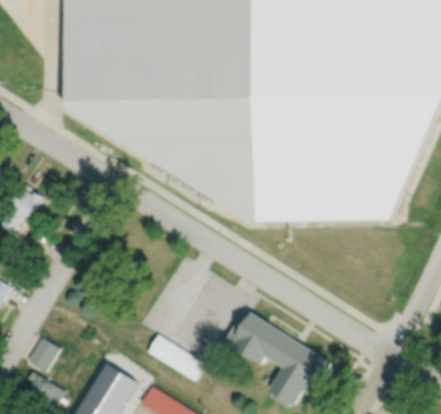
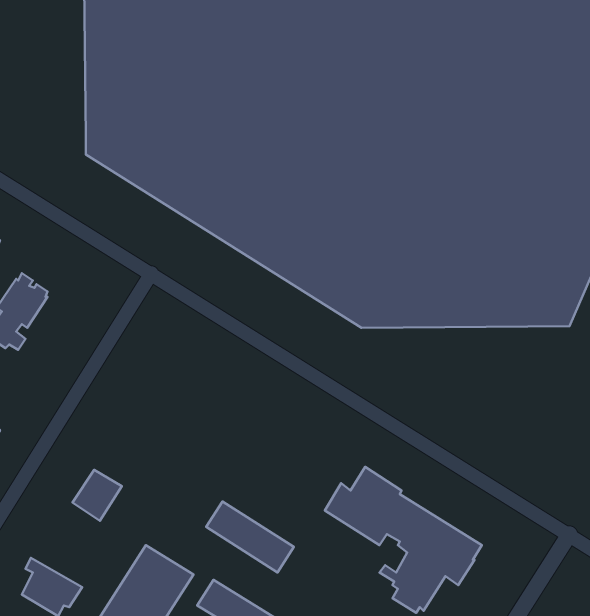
building: [28,338,61,372] -> [72,470,122,521]

